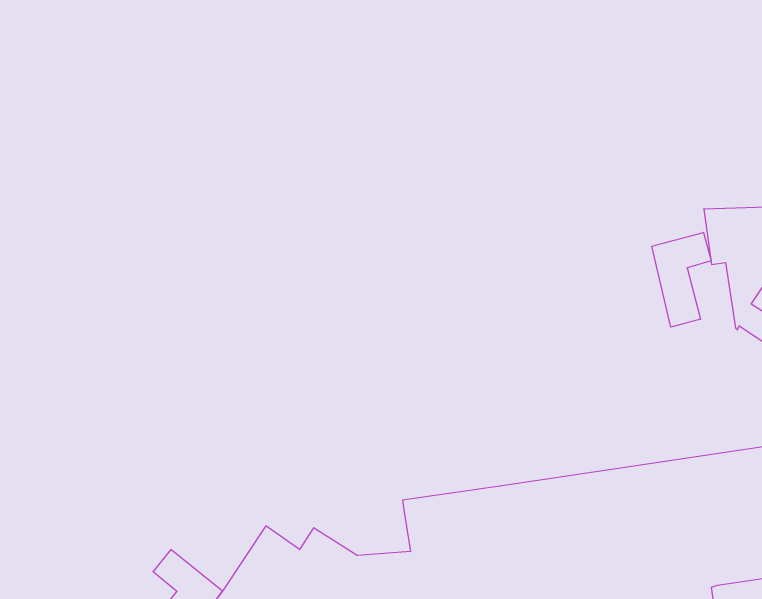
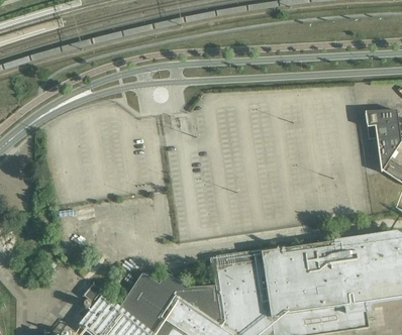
building: [652,232,711,327] -> none

